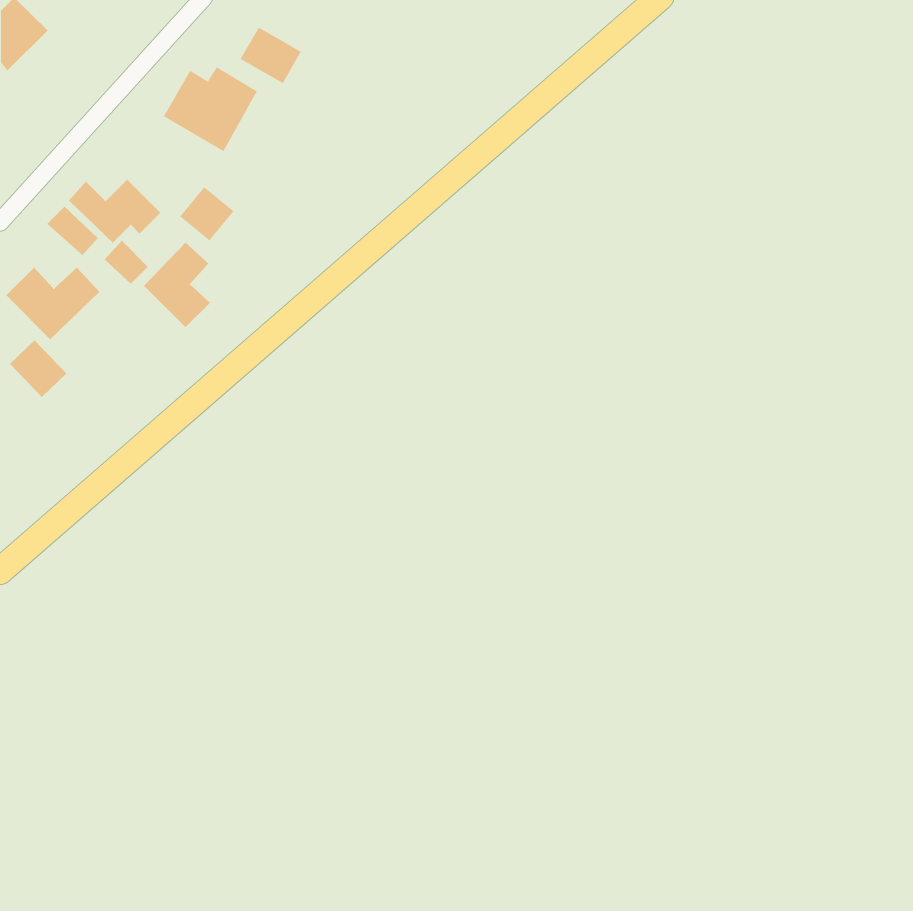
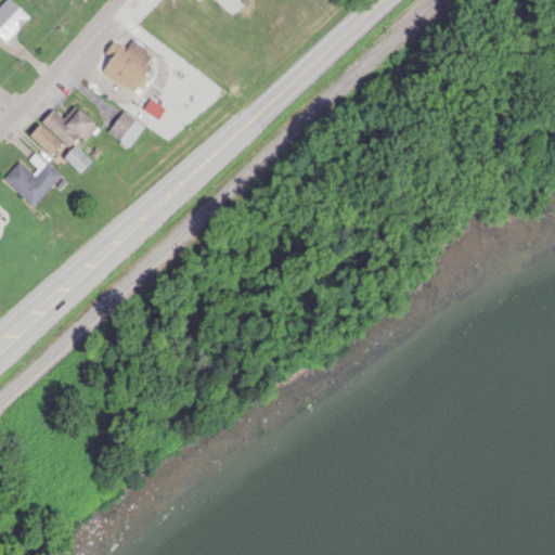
building: [240,26,302,84] -> none
building: [143,242,211,328] -> none
building: [9,339,67,398] -> none

